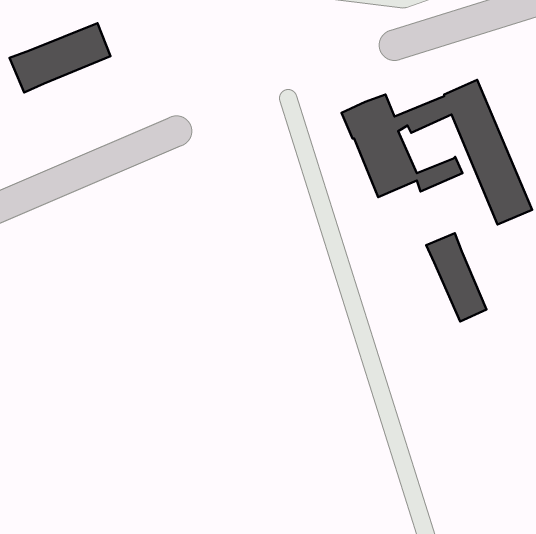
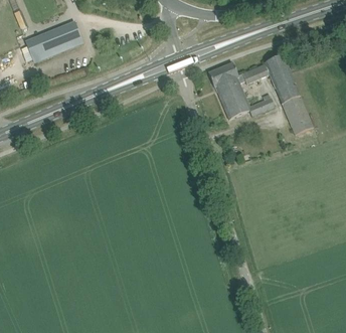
building: [426,233,487,321] -> none

